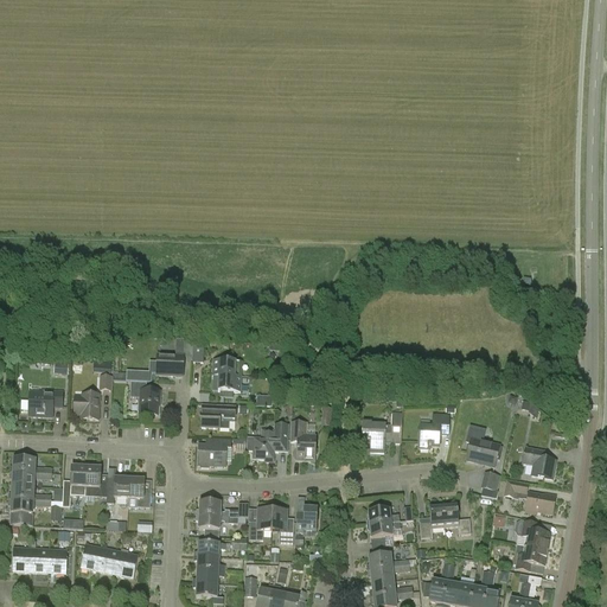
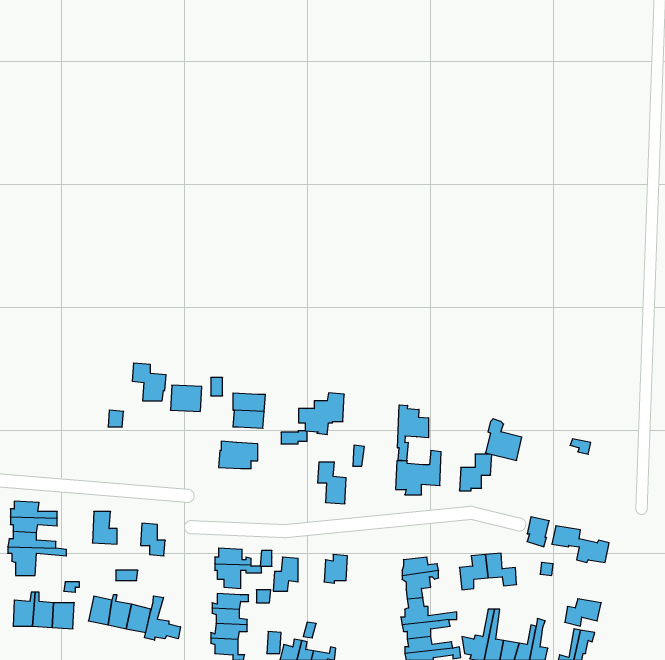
building: none -> [398,405,429,461]
building: [129,378,160,413] -> [132,363,166,401]
building: [28,389,62,415] -> none
building: [74,392,100,417] -> none
building: [247,422,288,460] -> [299,393,344,435]
building: [466,427,499,465] -> [485,419,522,460]
building: [198,436,230,465] -> none
building: [523,446,556,478] -> none
building: [62,465,85,505] -> none
building: [107,472,129,501] -> none
building: [271,509,293,544] -> none
building: [515,519,550,549] -> none
building: none -> [145,596,180,640]

